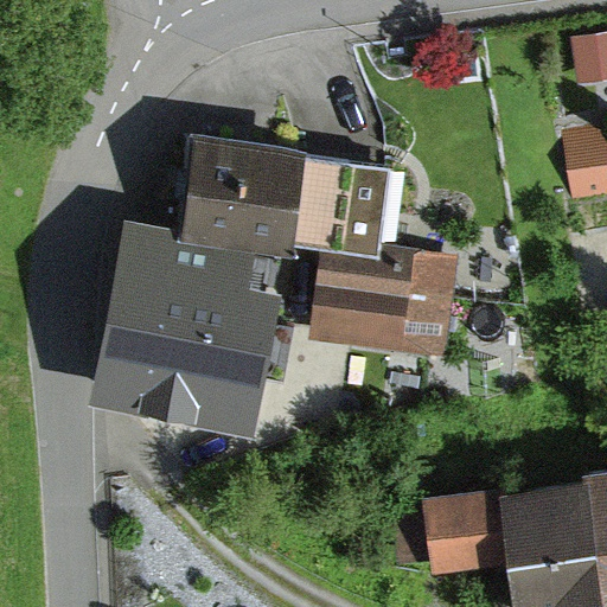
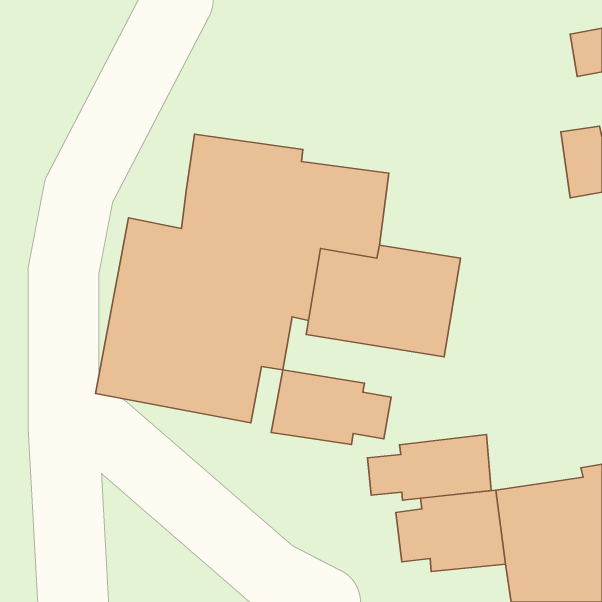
building: none -> [271,370,391,445]
building: none -> [368,434,491,500]

